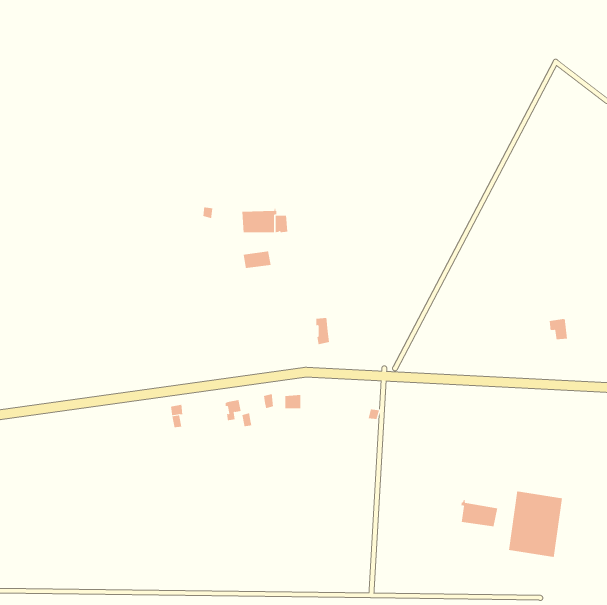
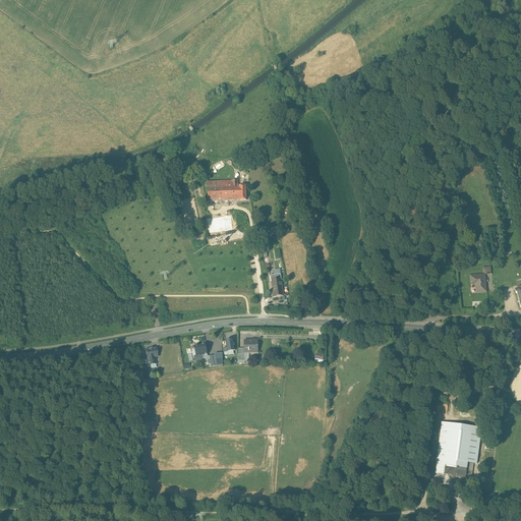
building: [461,500,498,527] -> none

